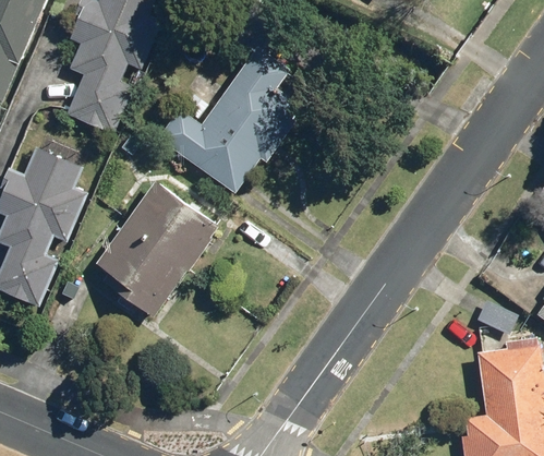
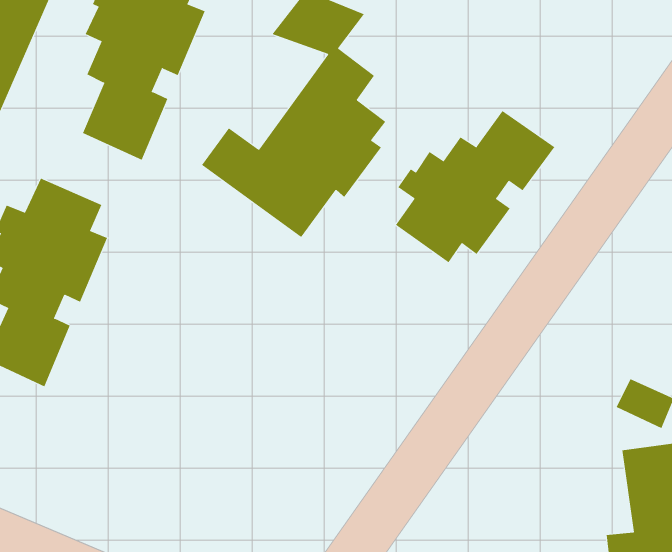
building: none -> [395,110,555,263]
building: [94,179,218,315] -> none

